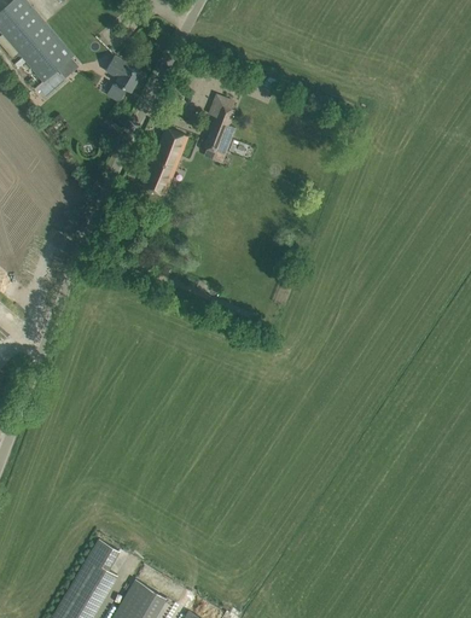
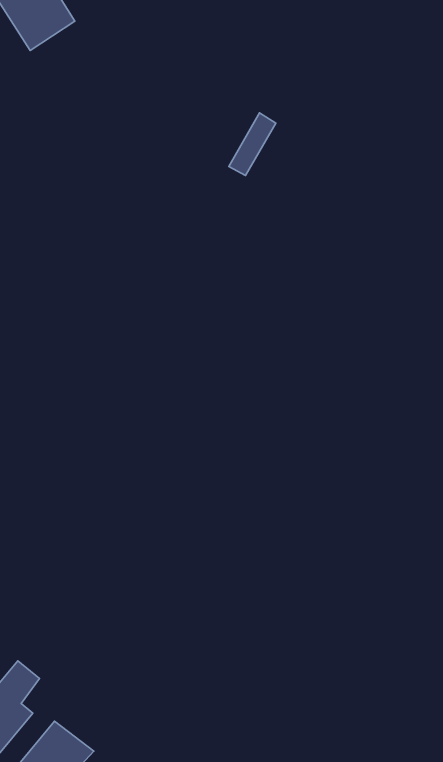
building: [106,56,141,104] -> none
building: [143,128,188,197] -> none

